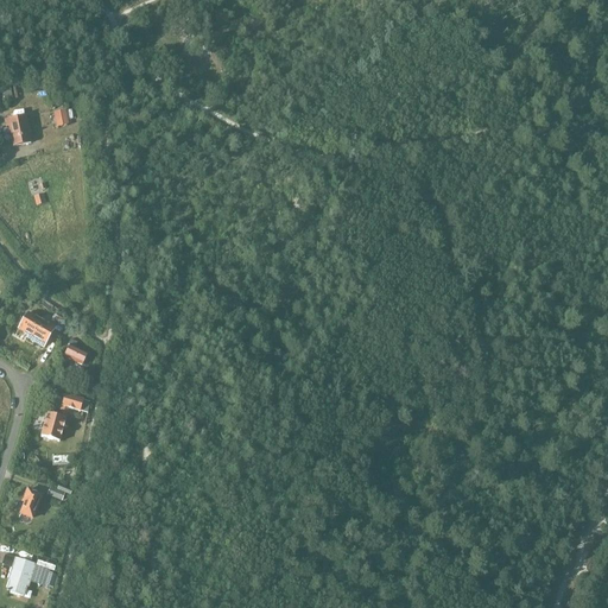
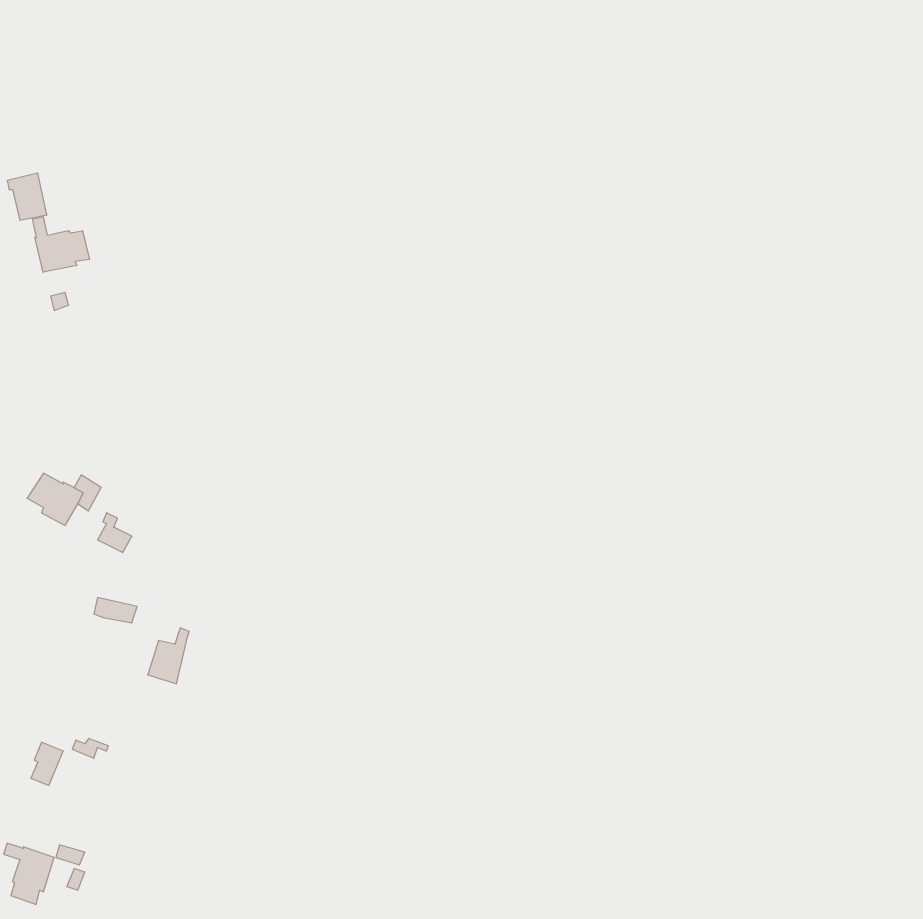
building: none -> [33,217,89,272]
building: [40,404,68,441] -> [148,628,189,684]

